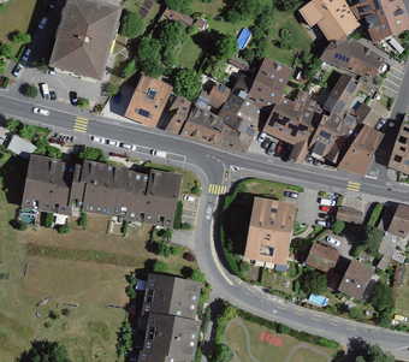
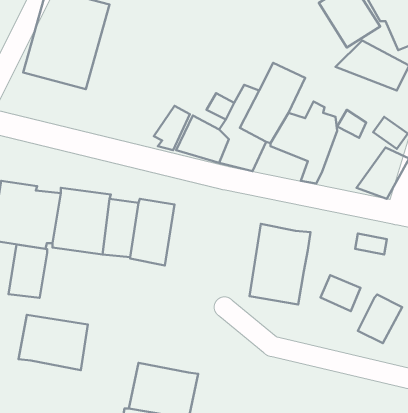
building: [126,71,173,124] -> none
building: [328,75,360,107] -> none
building: [307,115,350,159] -> none
building: none -> [8,244,47,298]
building: [137,275,197,324] -> [18,315,88,370]

